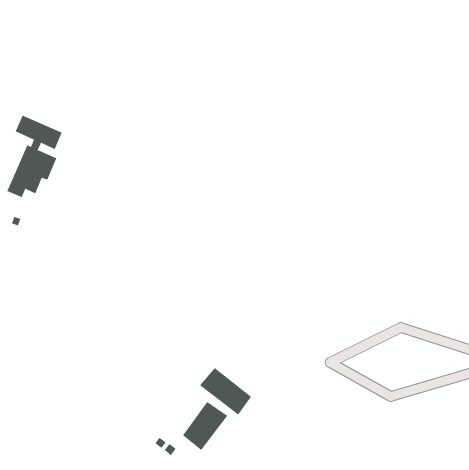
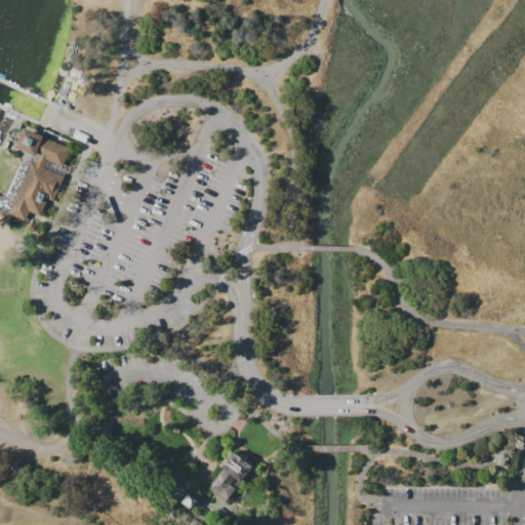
building: [199,367,252,416] -> none

